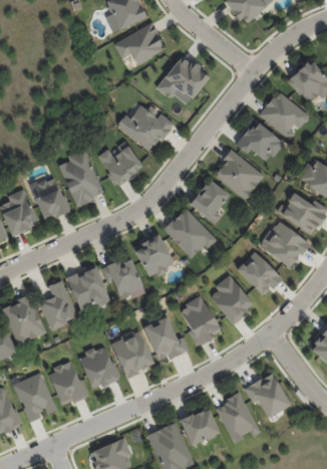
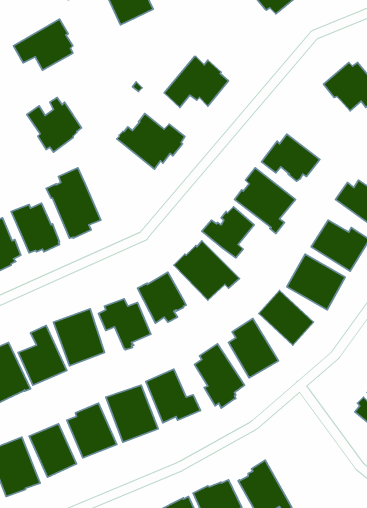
building: [114,23,164,65] -> [13,19,73,70]
building: [260,92,310,141] -> none
building: [99,143,144,188] -> [27,97,82,152]
building: [242,373,288,418] -> none

